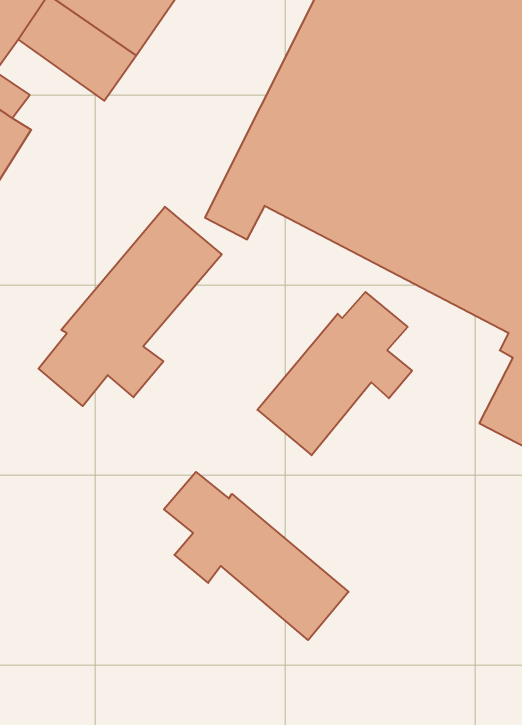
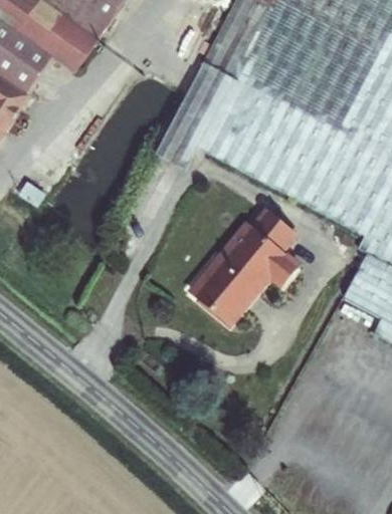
building: [39,207,222,406] -> none
building: [164,472,349,640] -> none

